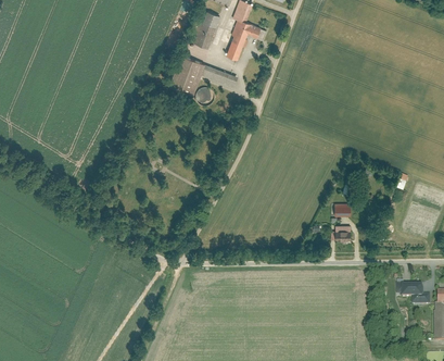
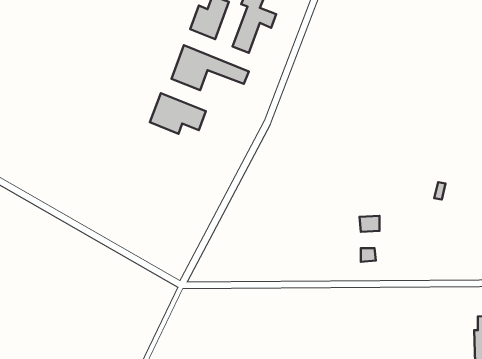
building: none -> [150,93,206,134]
building: [396,283,430,304] -> none

